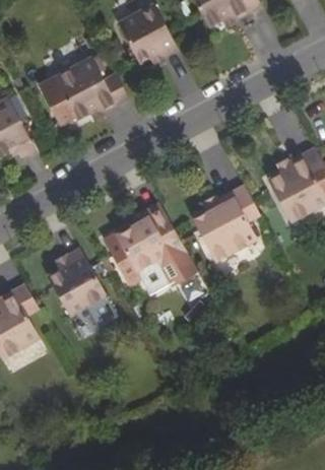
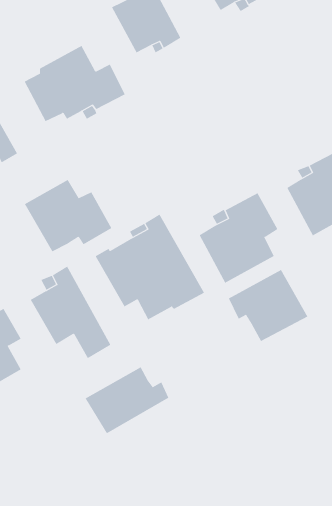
building: none -> [24,179,112,252]
building: none -> [228,269,308,342]
building: none -> [85,367,169,434]

